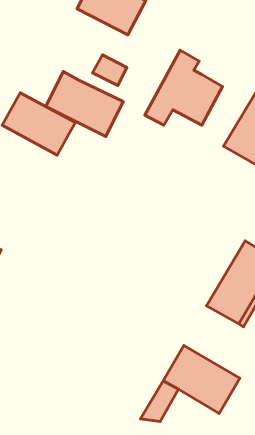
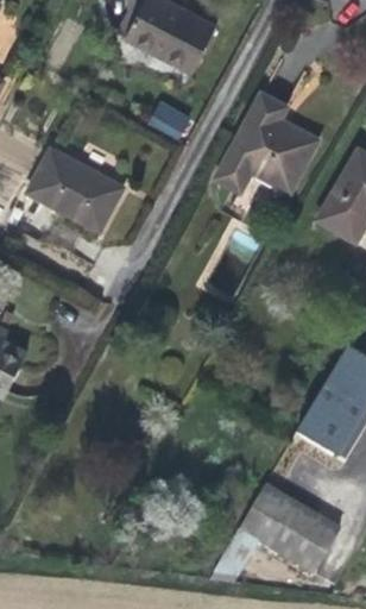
building: [46,72,123,137] -> none

